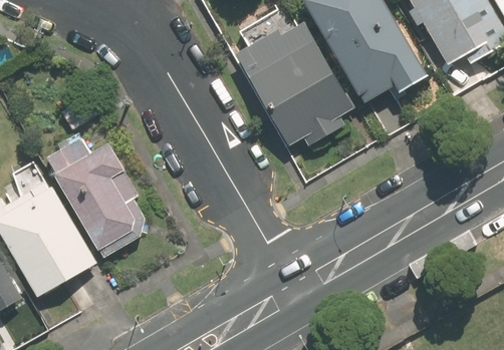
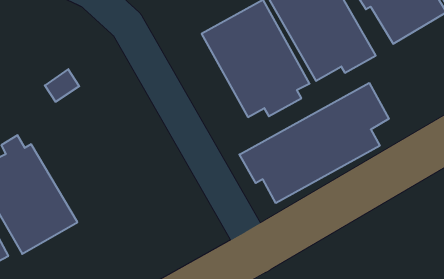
building: none -> [239,83,389,203]
building: [44,134,155,260] -> none

